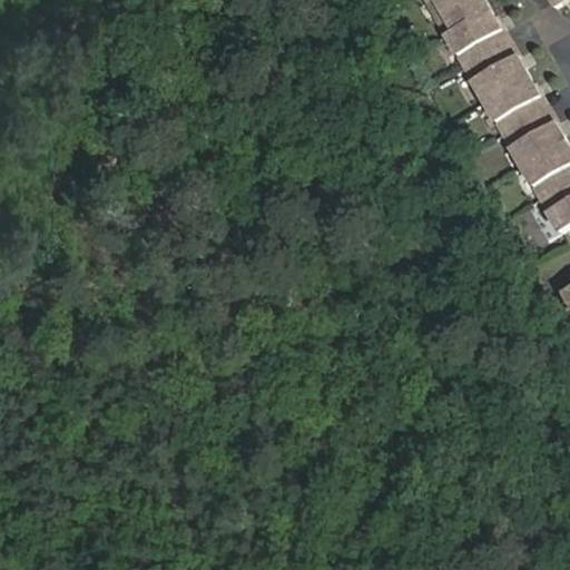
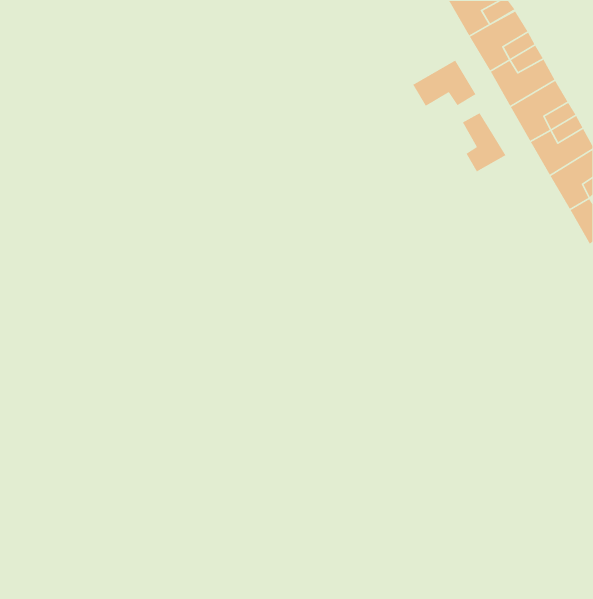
building: none -> [412,60,477,107]
building: none -> [462,112,506,172]

